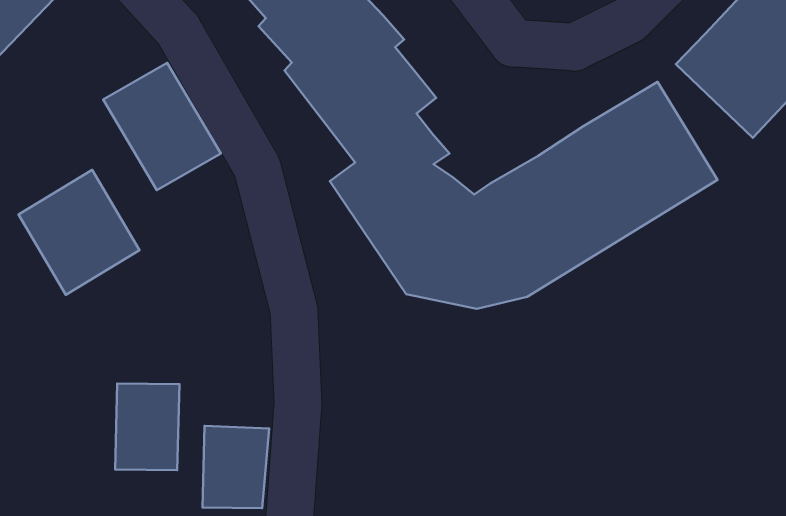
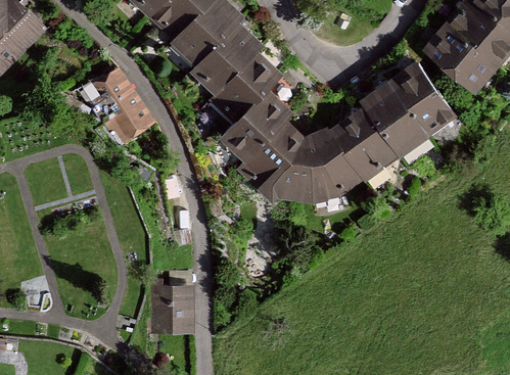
building: [18,170,139,295] -> none
building: [115,383,179,470] -> none

